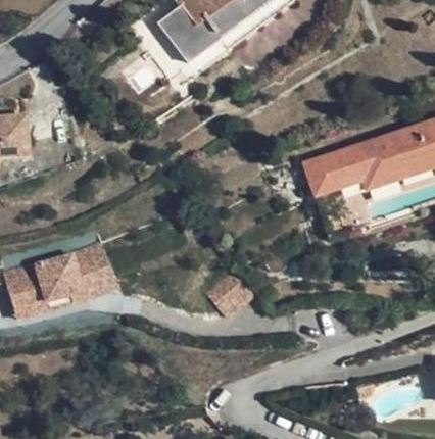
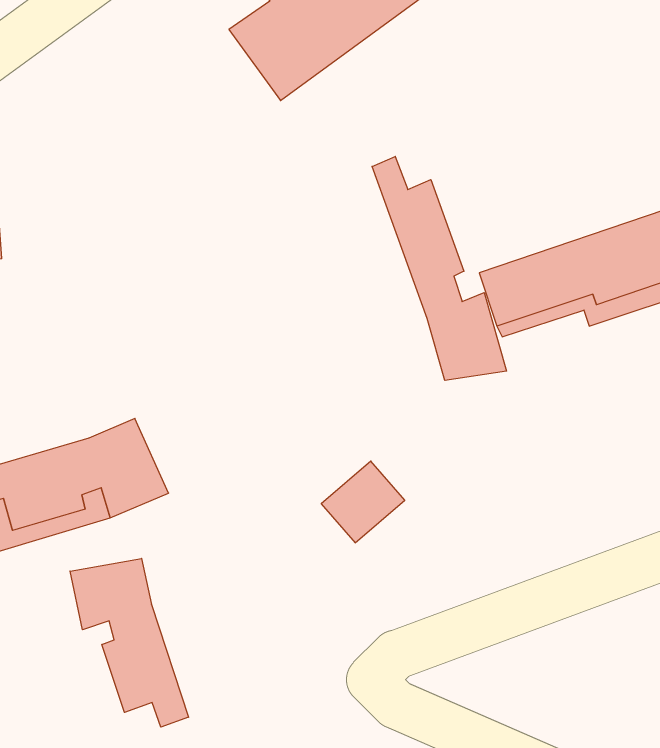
building: none -> [372,156,507,380]
building: none -> [70,558,189,727]

